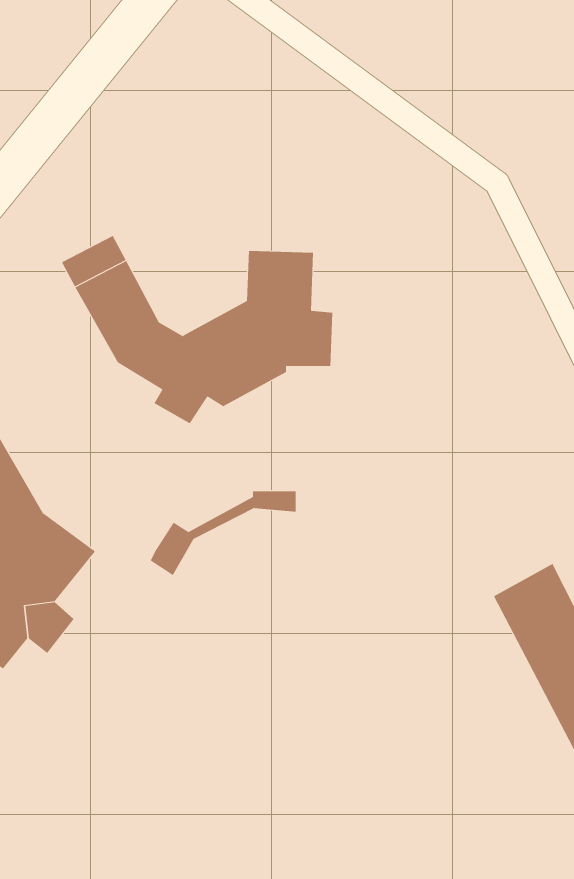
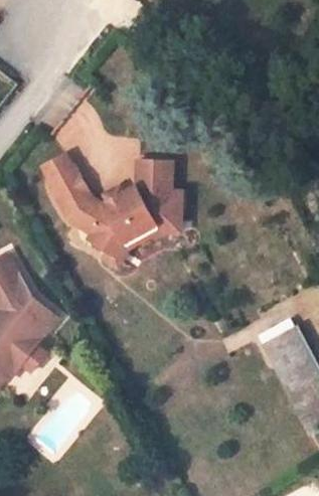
building: [150,491,297,576] -> [102,221,178,266]

